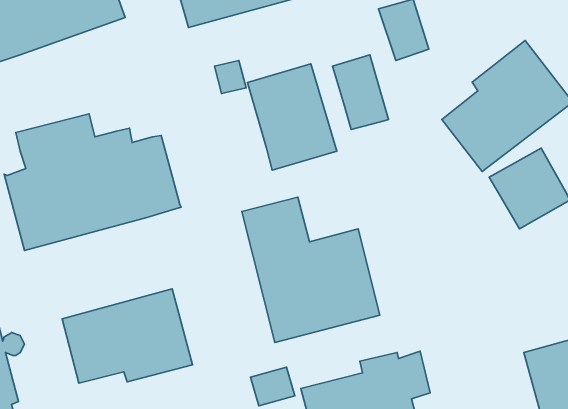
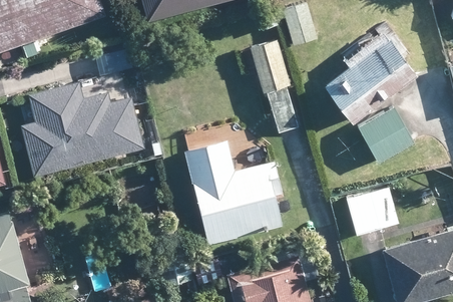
building: [248,64,337,170] -> none
building: none -> [346,188,398,236]
building: [62,289,193,383] -> none

